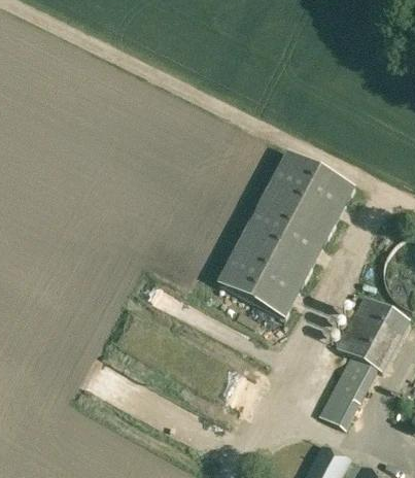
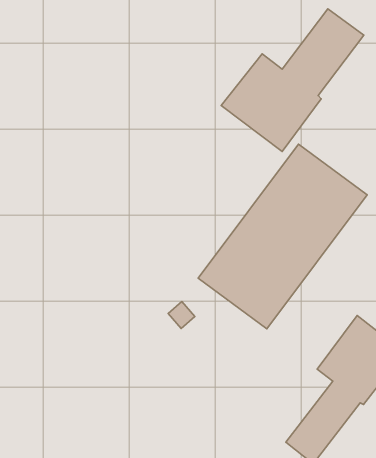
building: none -> [221,9,364,151]

